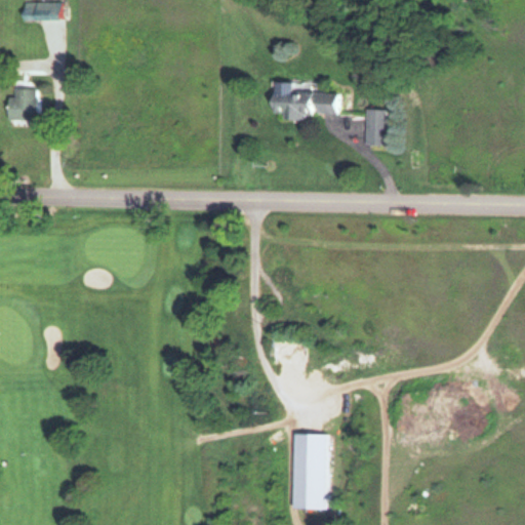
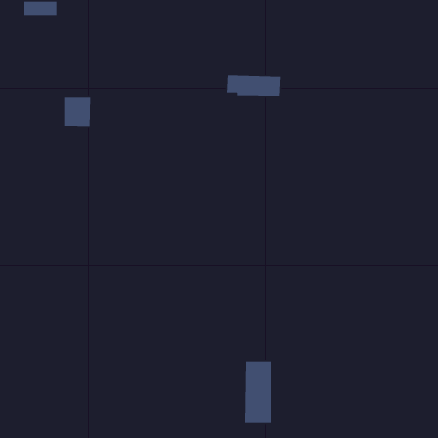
building: [14,88,47,125] -> [64,96,91,127]
building: [364,109,387,145] -> none

